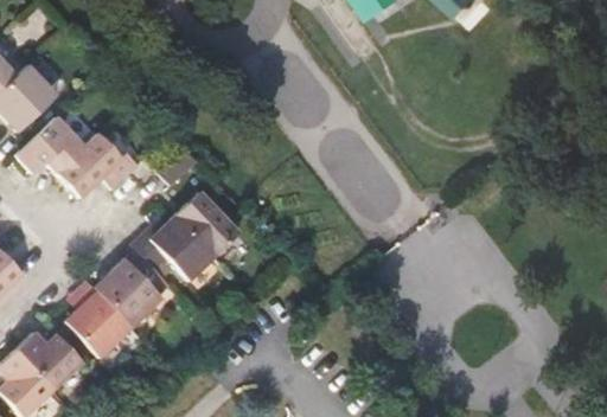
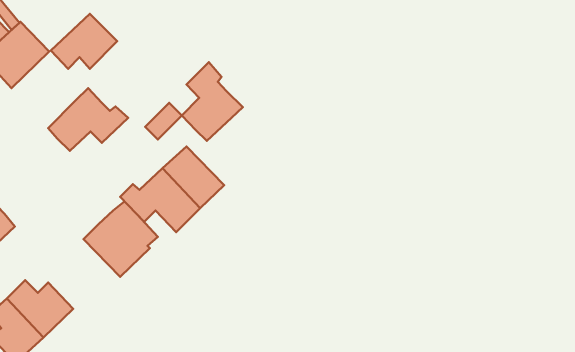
building: none -> [182,62,243,141]
building: [15,117,84,174] -> [51,14,117,69]
building: [63,282,130,359] -> none

